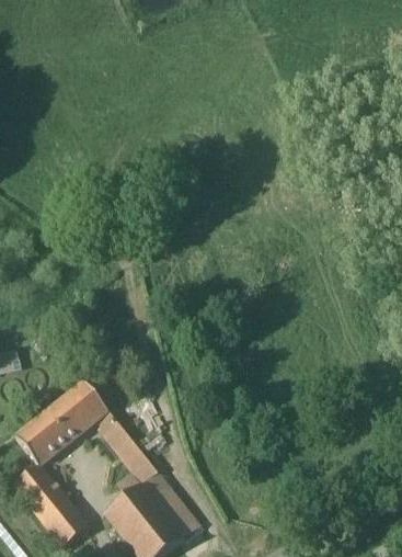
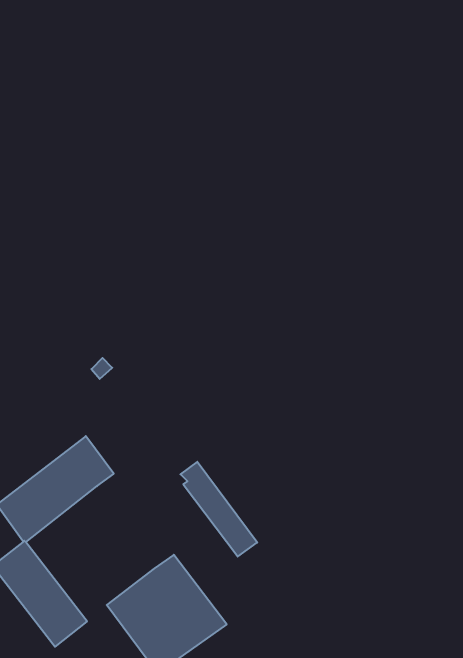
building: [96,409,157,484] -> [180,462,257,557]

